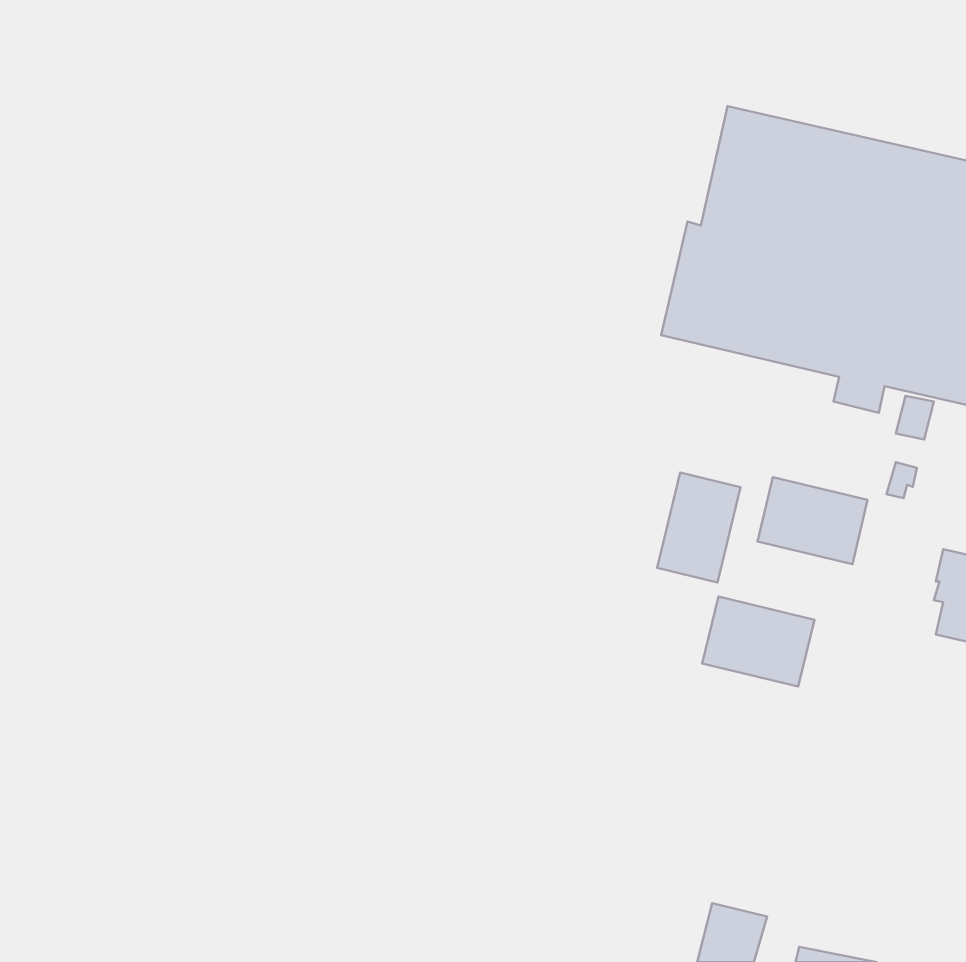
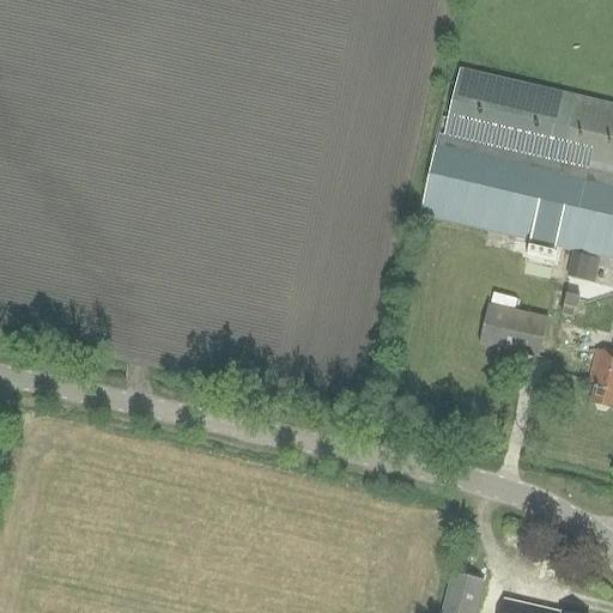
building: [657,473,740,582] -> none
building: [702,597,815,687] -> none

